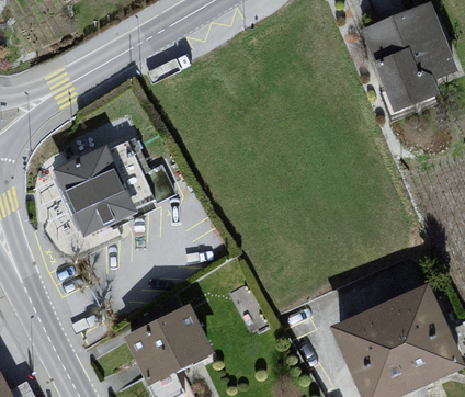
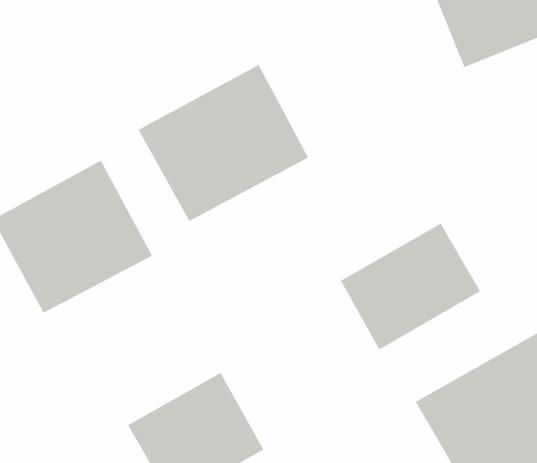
building: none -> [138,64,309,222]
building: none -> [340,223,481,350]

